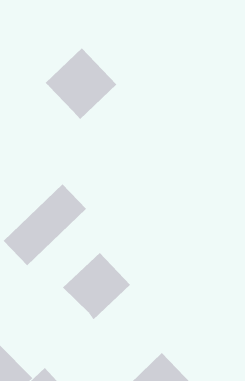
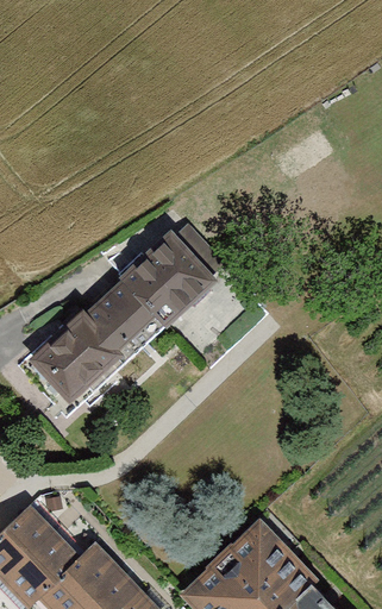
building: [45,47,117,120] -> [114,227,217,329]
building: [62,252,131,320] -> none

